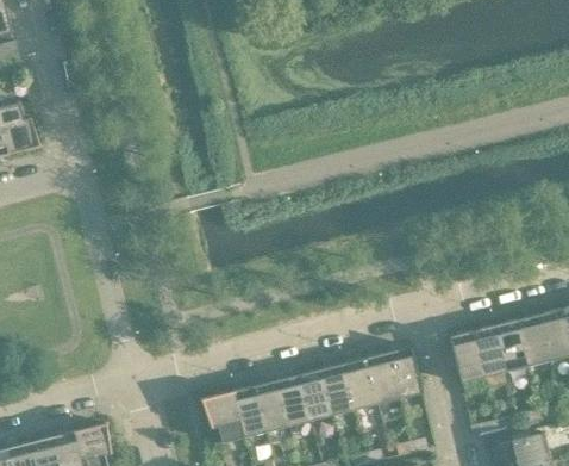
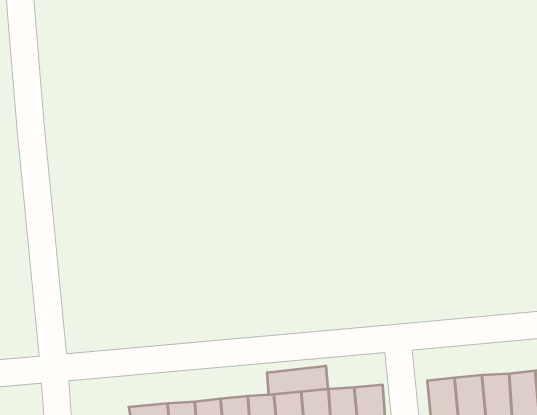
building: none -> [267,366,328,395]

